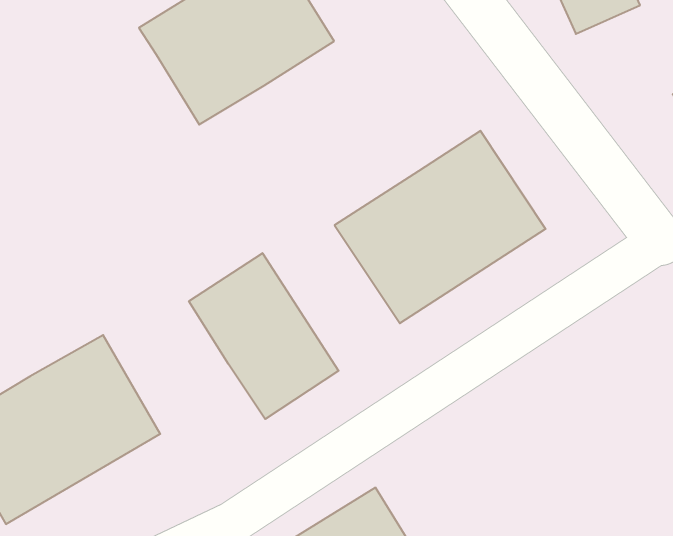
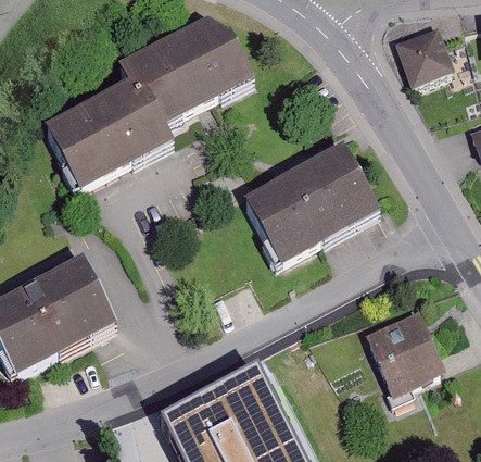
building: none -> [43,76,169,189]
building: [189,253,339,419] -> none
building: none -> [363,311,443,395]

